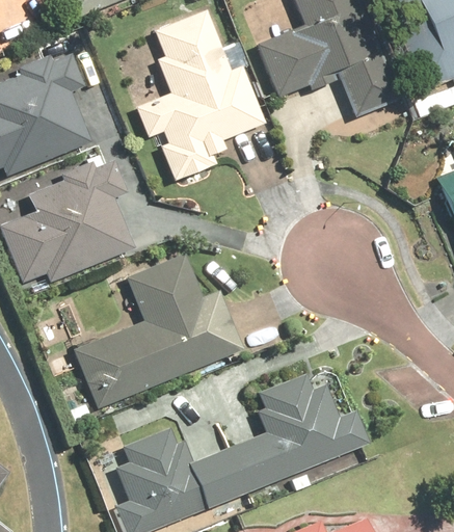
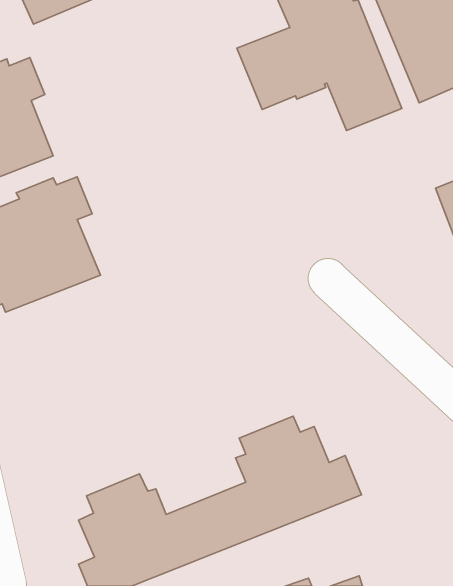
building: [136,7,267,181] -> none
building: [74,250,245,409] -> none

